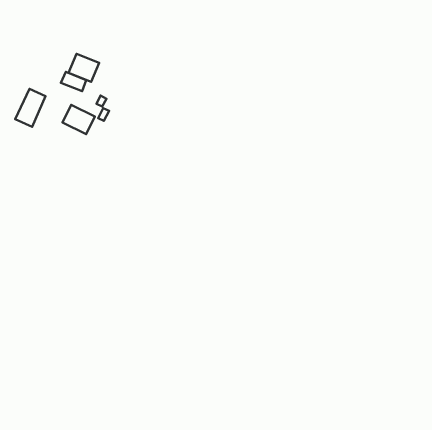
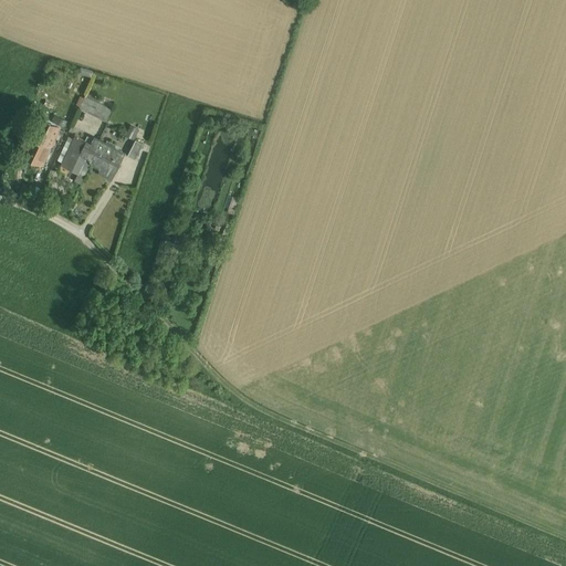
building: [69,54,99,82] -> none
building: none -> [61,137,91,179]

